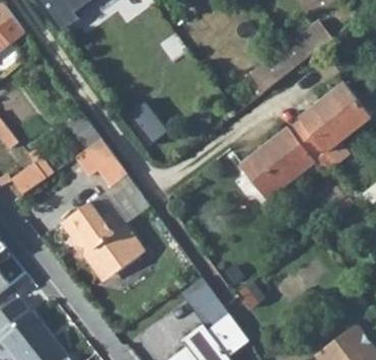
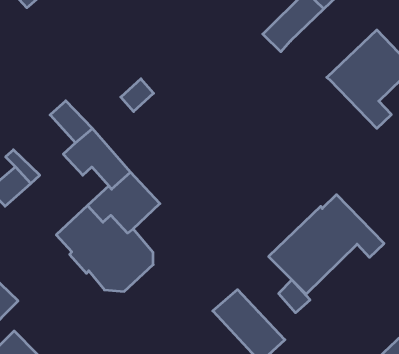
building: [240,119,336,198] -> [269,195,384,294]

